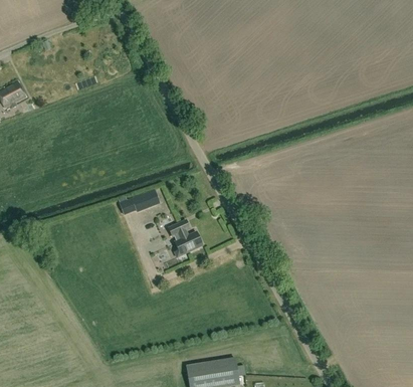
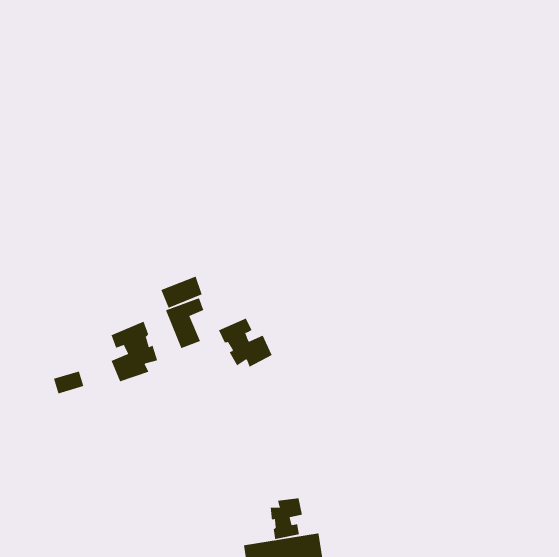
building: none -> [111,321,158,382]
building: none -> [270,497,302,540]

